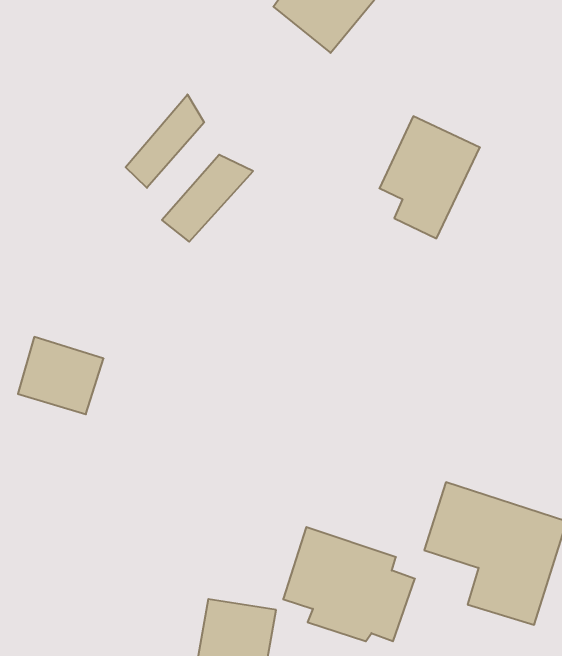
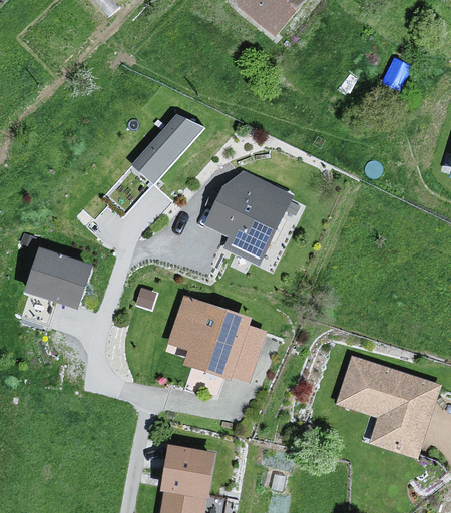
building: [126,94,204,188] -> none
building: [379,116,480,238] -> [218,169,293,260]
building: [283,527,415,641] -> [168,293,266,377]

